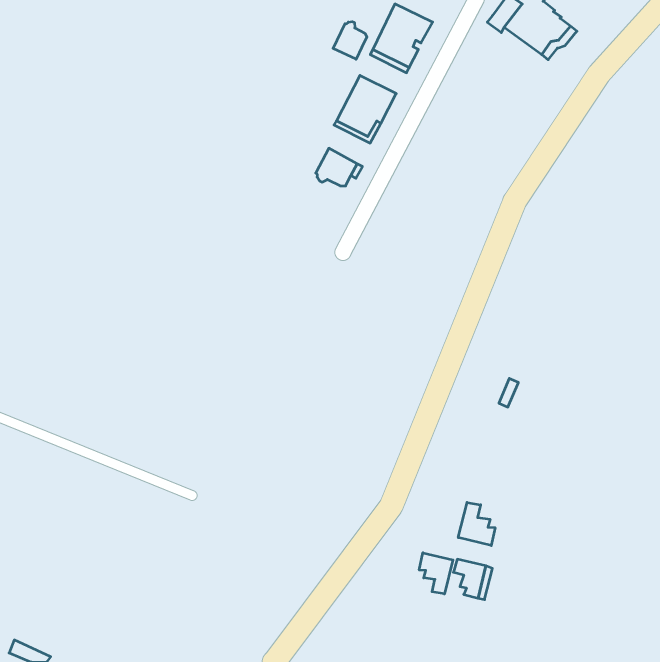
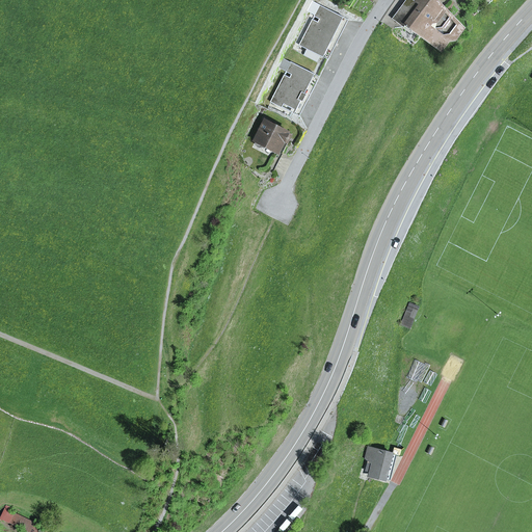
building: [333,22,367,59] -> none
building: [458,502,495,546] -> none
building: [419,553,453,594] -> none

